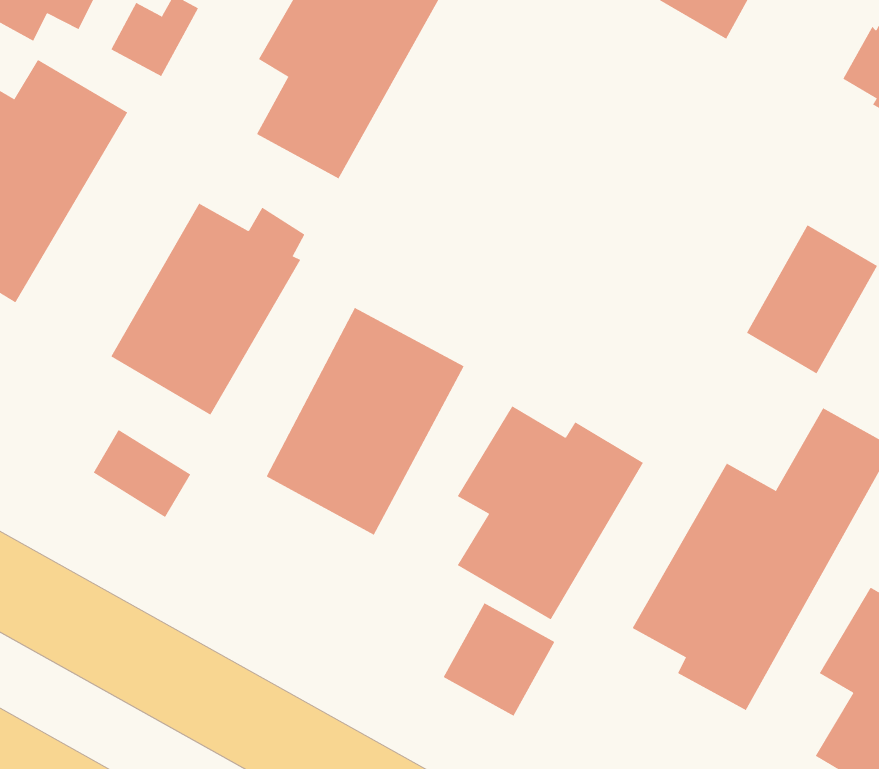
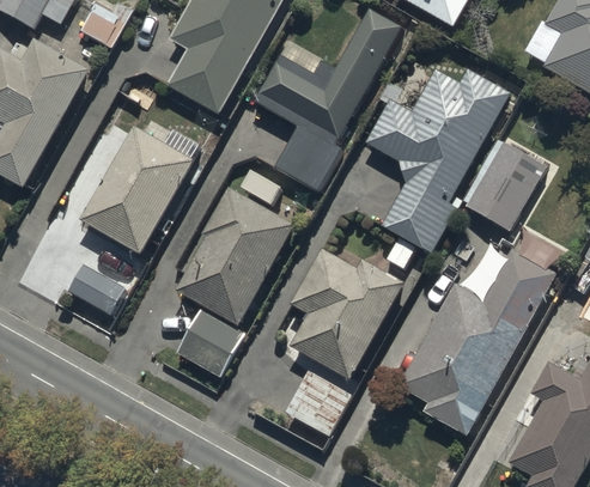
building: none -> [253,7,400,191]
building: none -> [366,67,510,266]
building: none -> [176,306,245,376]

